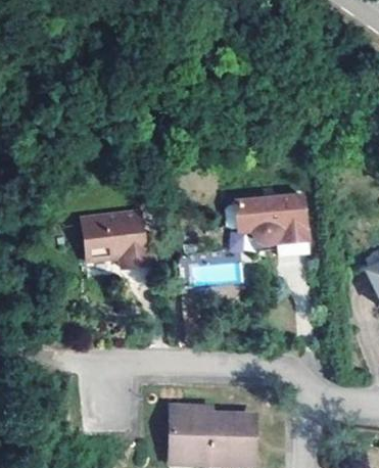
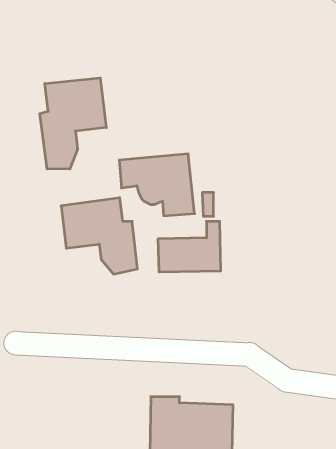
building: none -> [40,78,106,169]
building: [237,195,312,256] -> [119,154,195,216]

